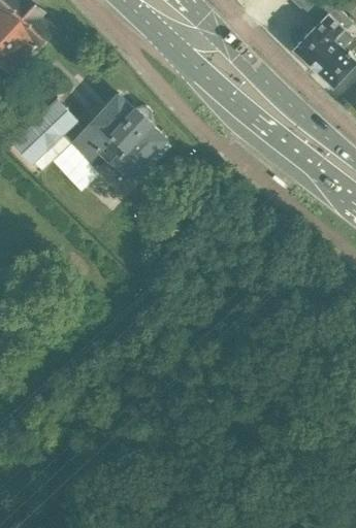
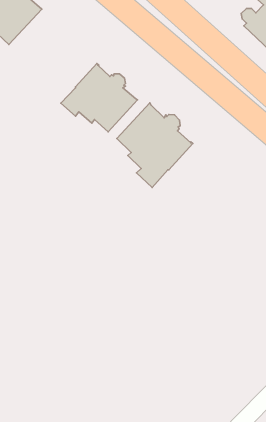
building: [13,99,78,163] -> none
building: none -> [117,103,193,188]

